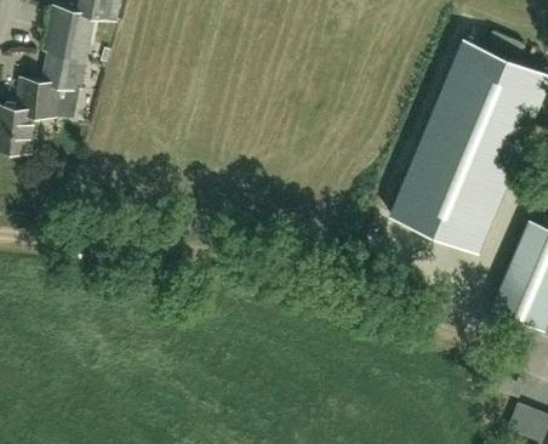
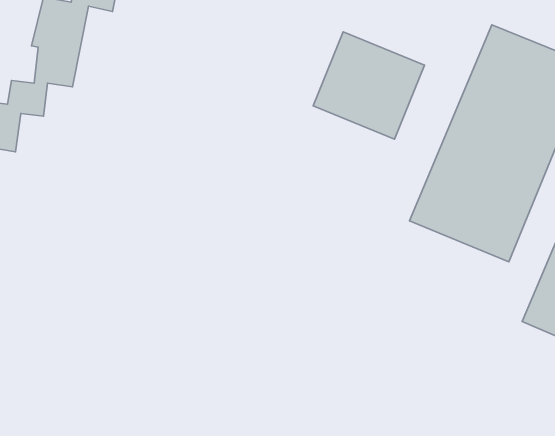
building: none -> [313,32,424,139]

